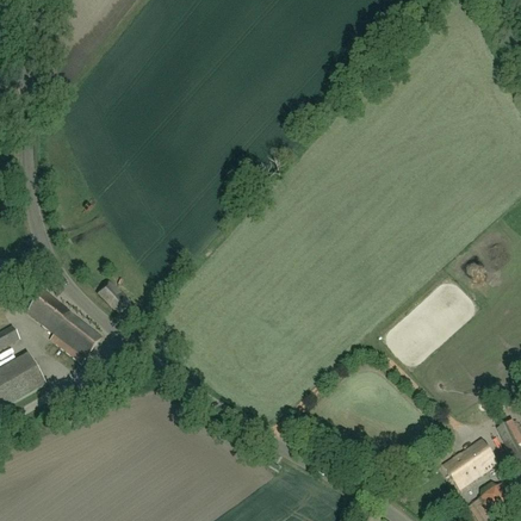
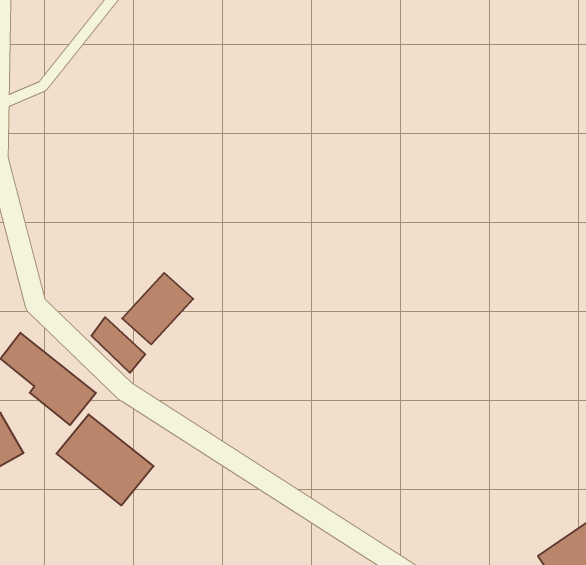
building: none -> [122,273,193,344]
building: none -> [56,414,154,505]

